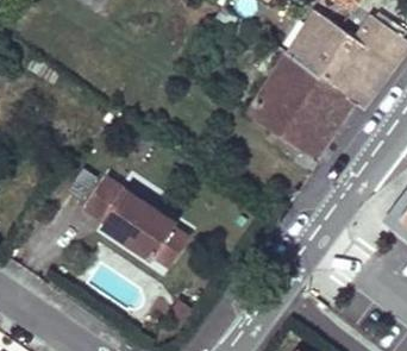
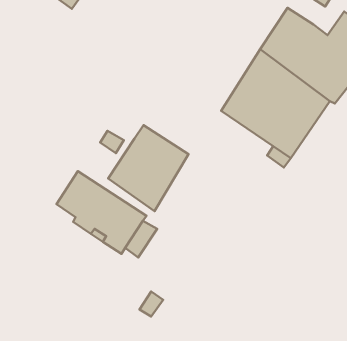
building: none -> [108,125,189,211]

